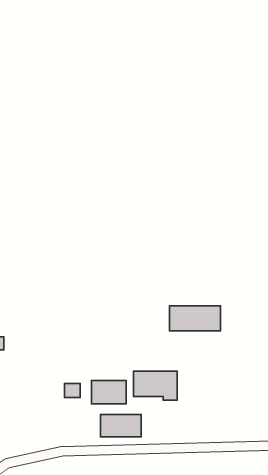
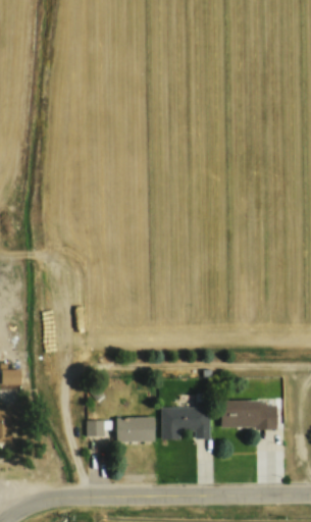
building: [169,306,221,331] -> [221,401,277,428]
building: [100,415,141,437] -> none

